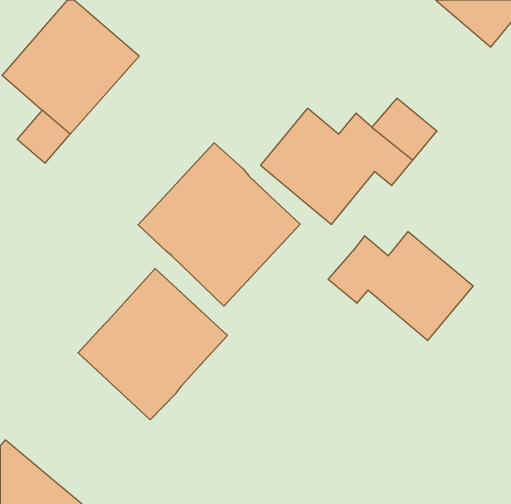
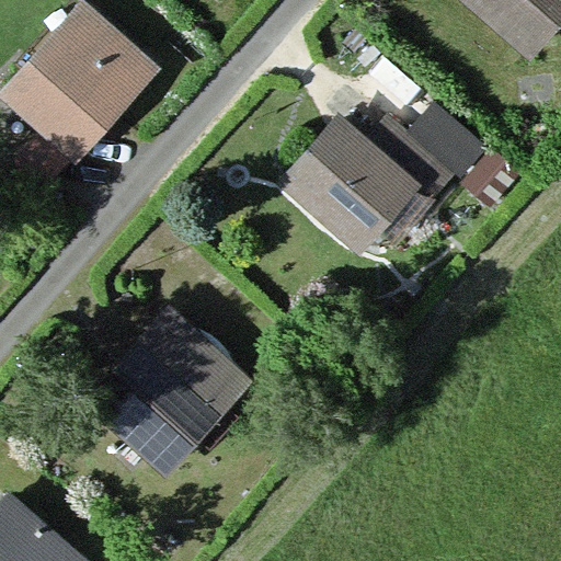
building: [138,143,300,306] -> none
building: [328,232,473,341] -> none

